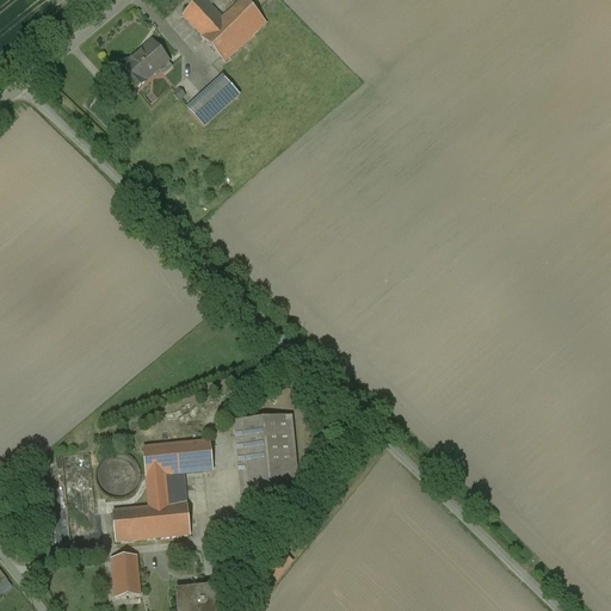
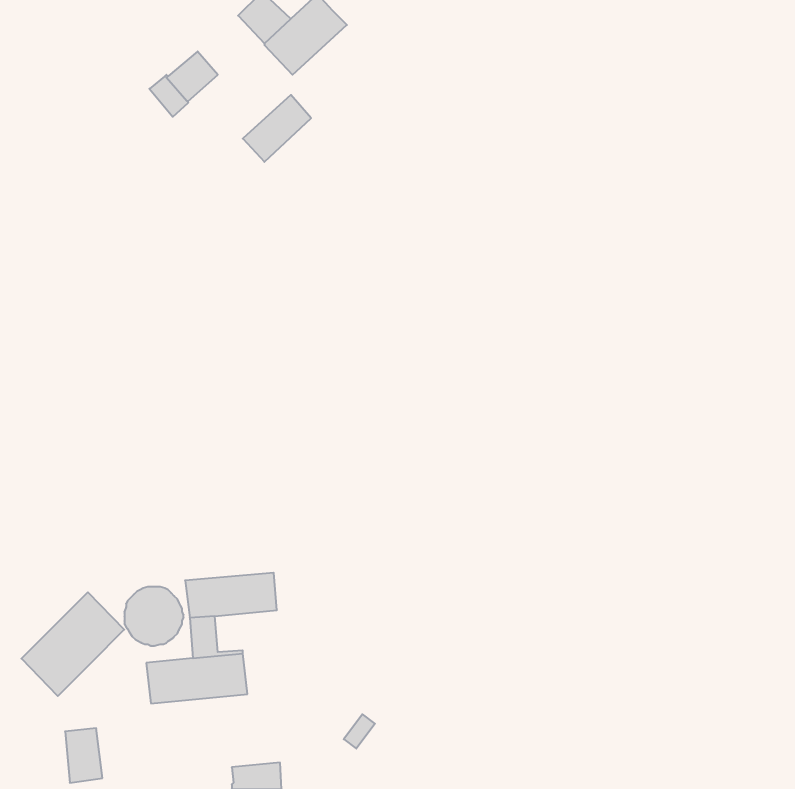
building: [241,414,297,492] -> none
building: none -> [21,592,124,696]
building: [111,554,140,595] -> [65,728,102,783]

